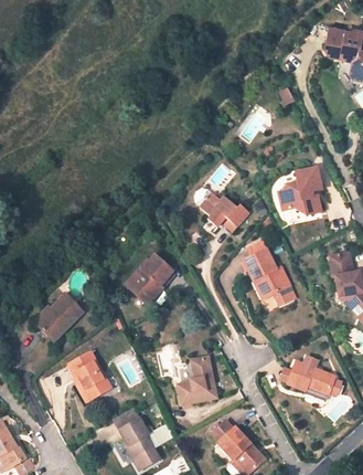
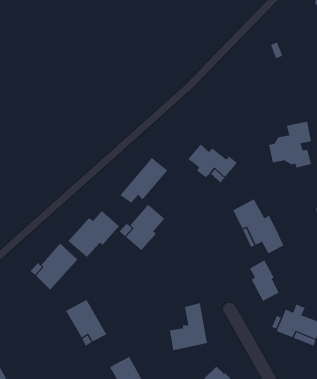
building: none -> [120,157,168,204]
building: none -> [68,210,120,258]
building: none -> [249,260,279,302]

